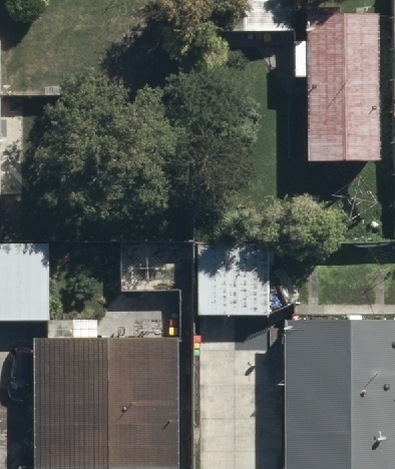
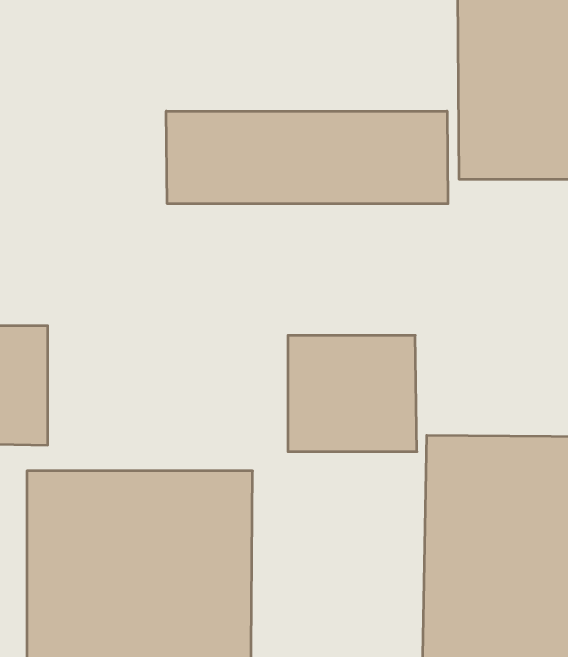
building: none -> [166,111,448,204]

